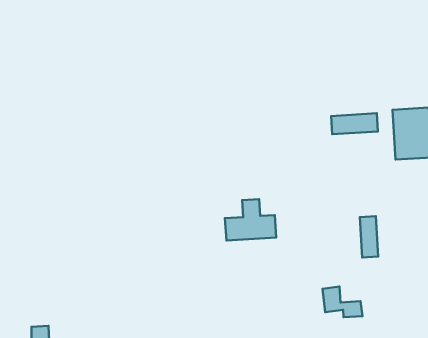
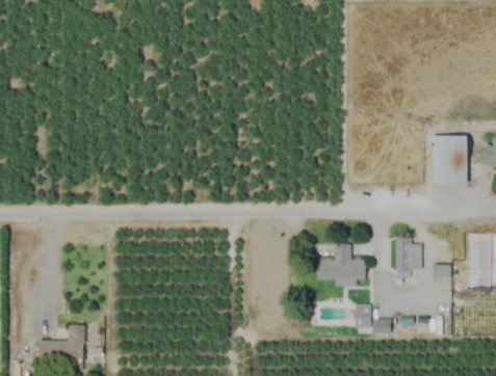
building: [331,113,378,134] -> none
building: [225,199,276,240] -> [316,243,365,281]

